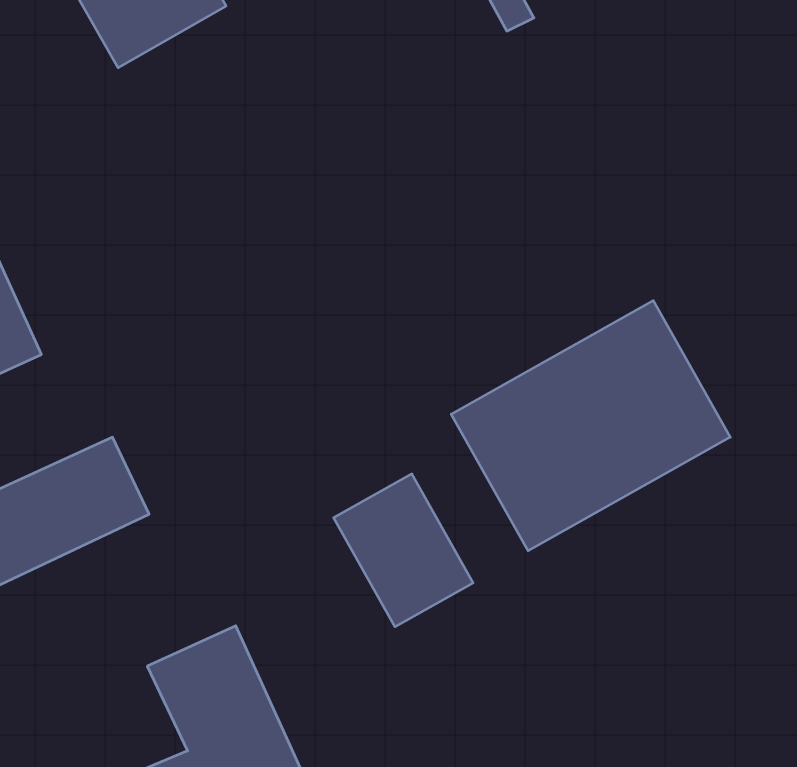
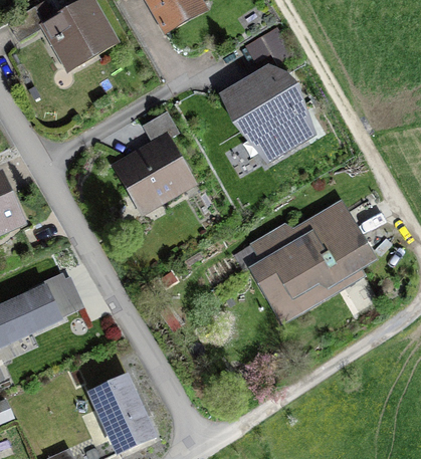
building: none -> [217,68,301,158]
building: none -> [111,131,198,217]
building: [334,474,473,627] -> none

